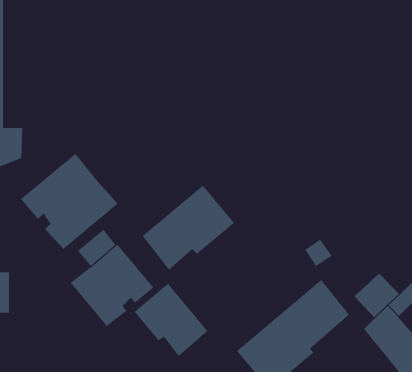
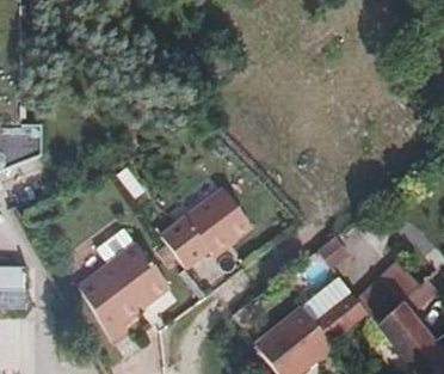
building: [20,153,119,250] -> none
building: [134,283,208,357] -> none

